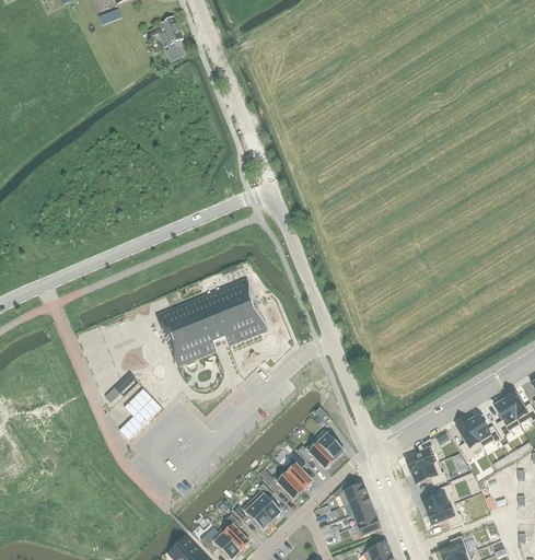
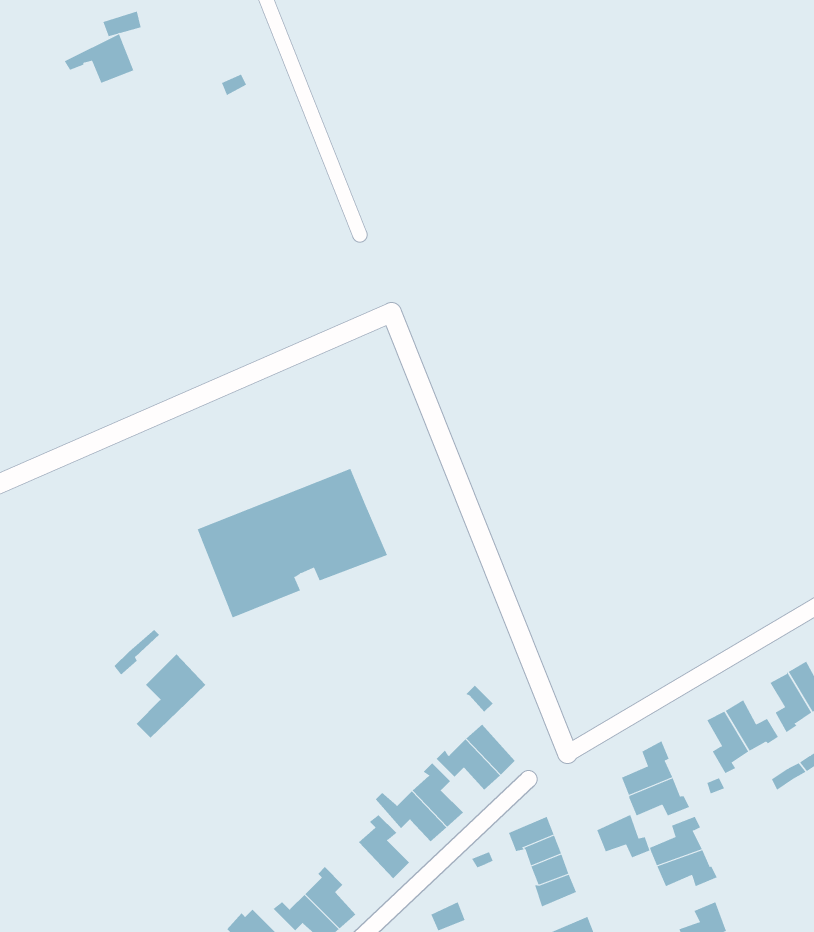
building: [141,15,183,45] -> [64,34,134,84]
building: none -> [596,814,650,858]
building: [234,499,271,529] -> none

